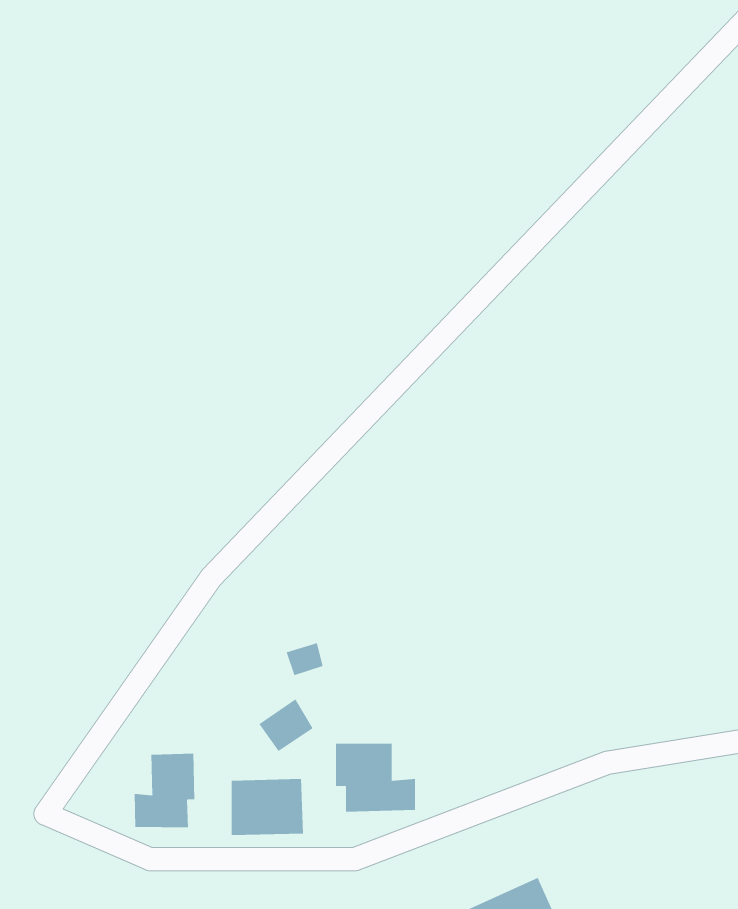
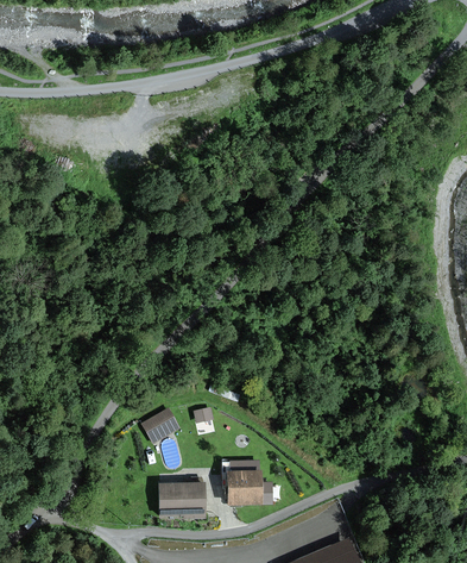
building: [258,699,314,752] -> [144,407,177,439]
building: [134,753,195,828] -> none

